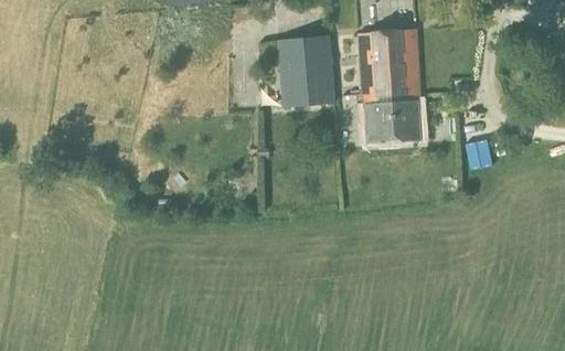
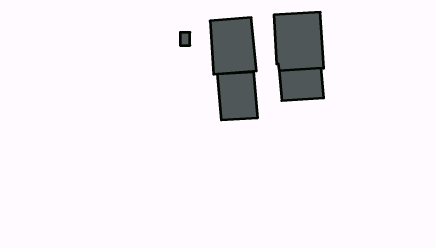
building: none -> [218,72,257,120]

